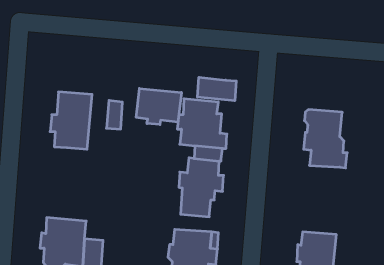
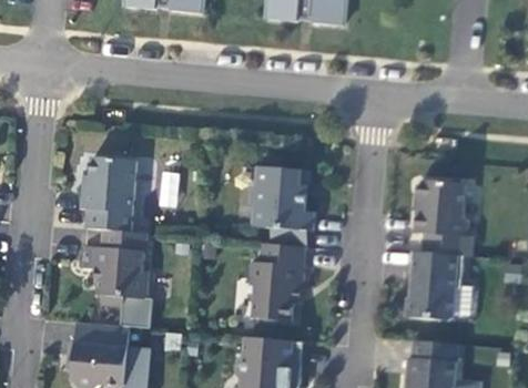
building: [197,77,236,101] -> none
building: [136,88,181,125] -> none
building: none -> [82,229,149,305]
building: none -> [406,251,463,320]

